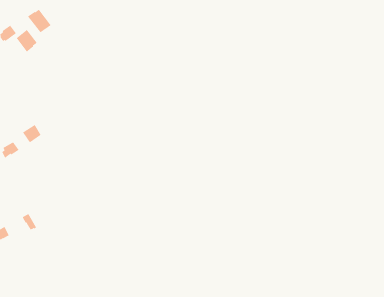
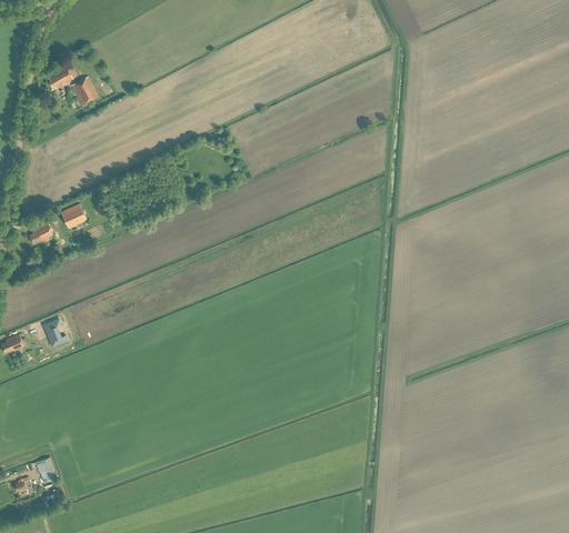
building: [27,9,51,33] -> none

